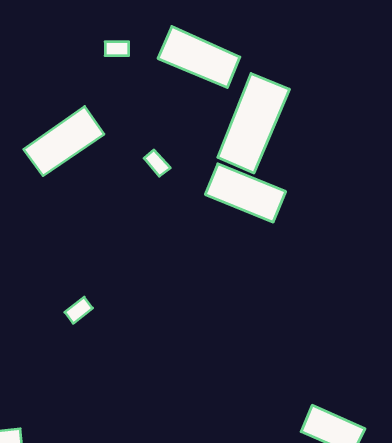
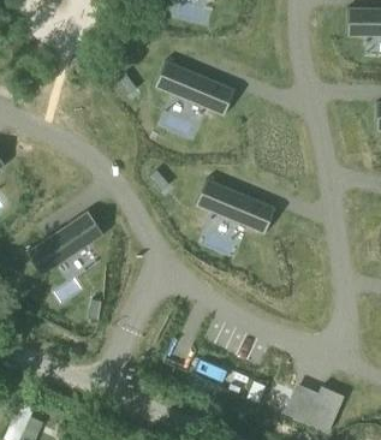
building: [218,73,289,173] -> none
building: [24,106,104,176] -> [30,214,100,274]

